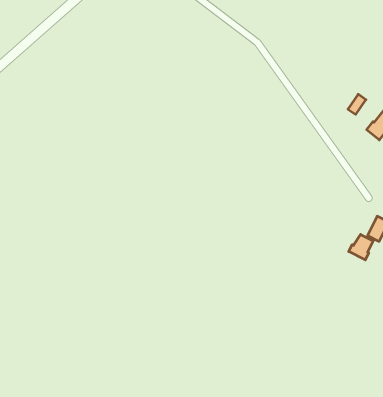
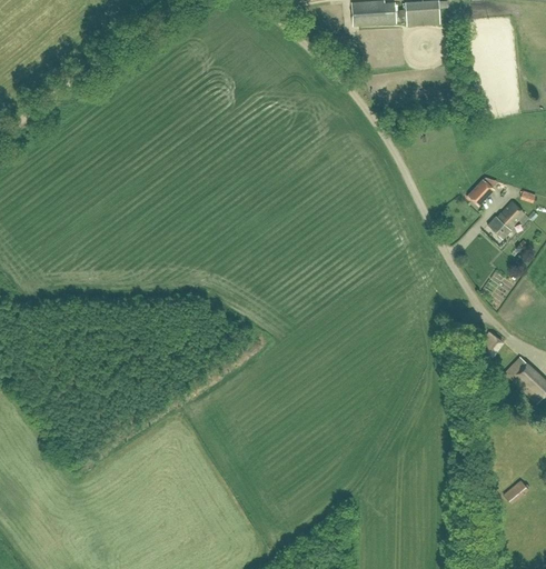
building: [349,234,373,260] -> none

